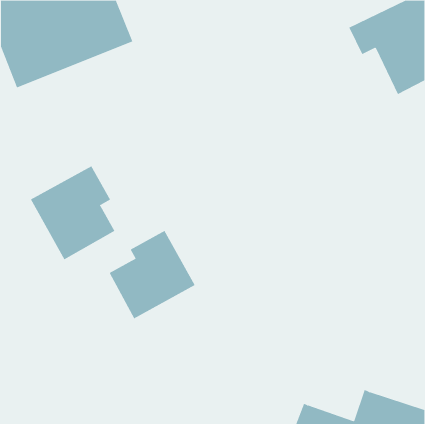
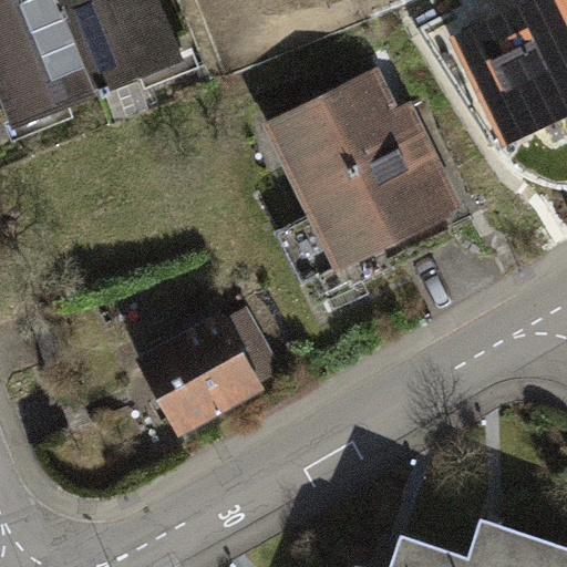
building: none -> [270,70,454,278]
building: [30,166,115,260] -> none

